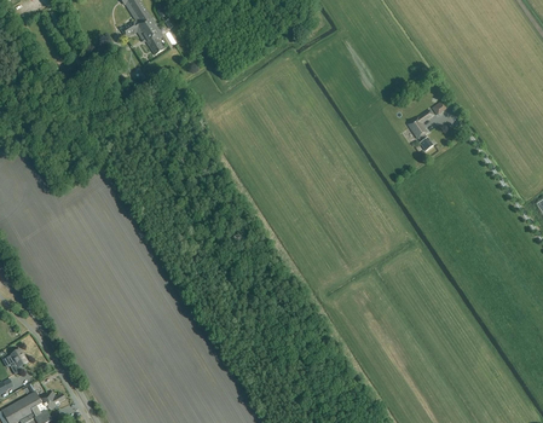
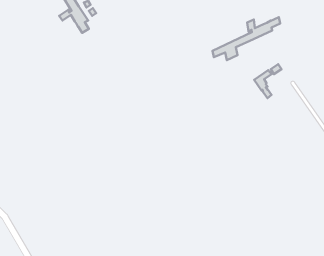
building: none -> [213,17,280,60]

